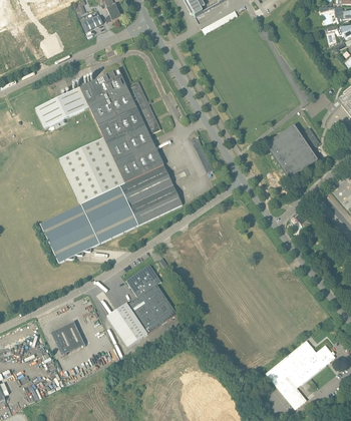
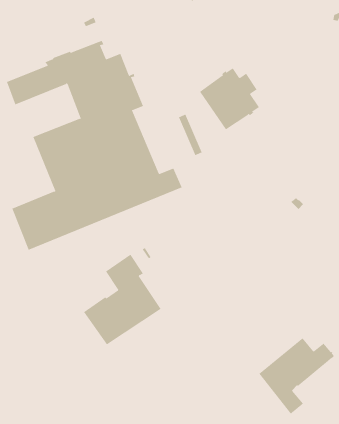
building: [265,121,320,178] -> [199,67,260,130]
building: [50,320,84,354] -> none

